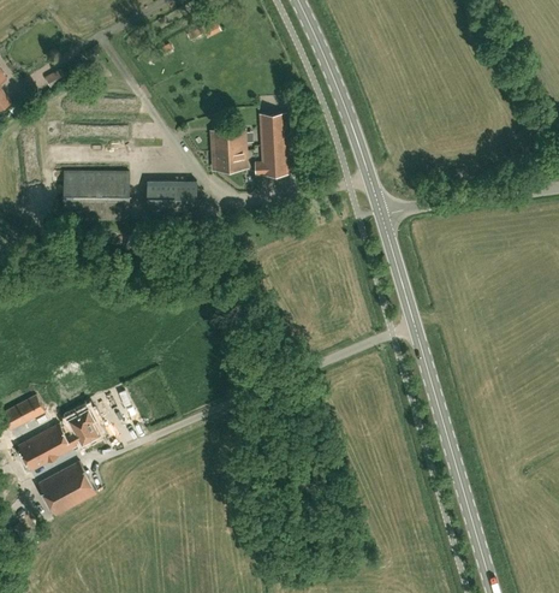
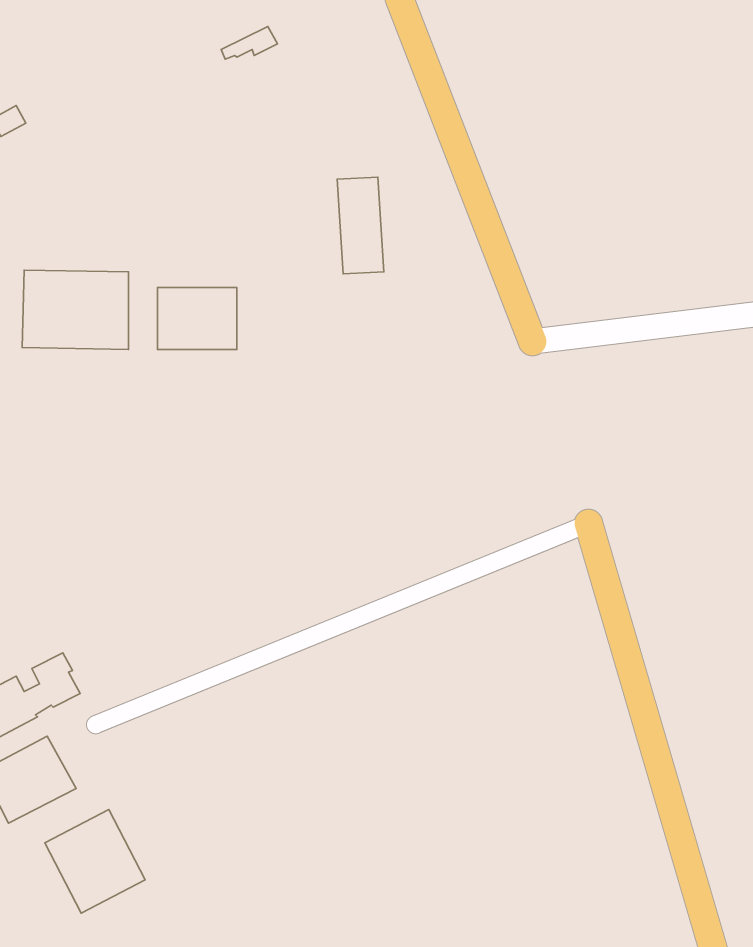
building: [210,129,245,168] -> none
building: none -> [45,810,145,913]

